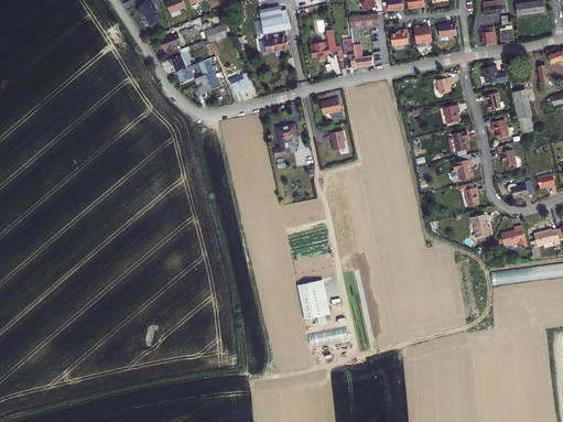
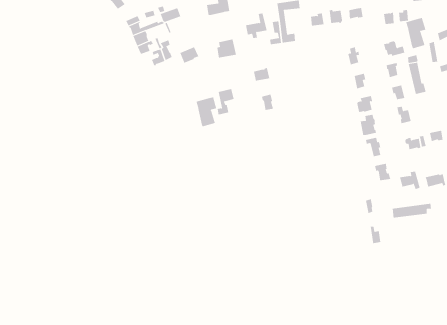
building: [263,29,289,53] -> [216,39,237,58]
building: none -> [406,17,426,49]
building: none -> [196,96,217,127]
building: [296,279,329,318] -> none

